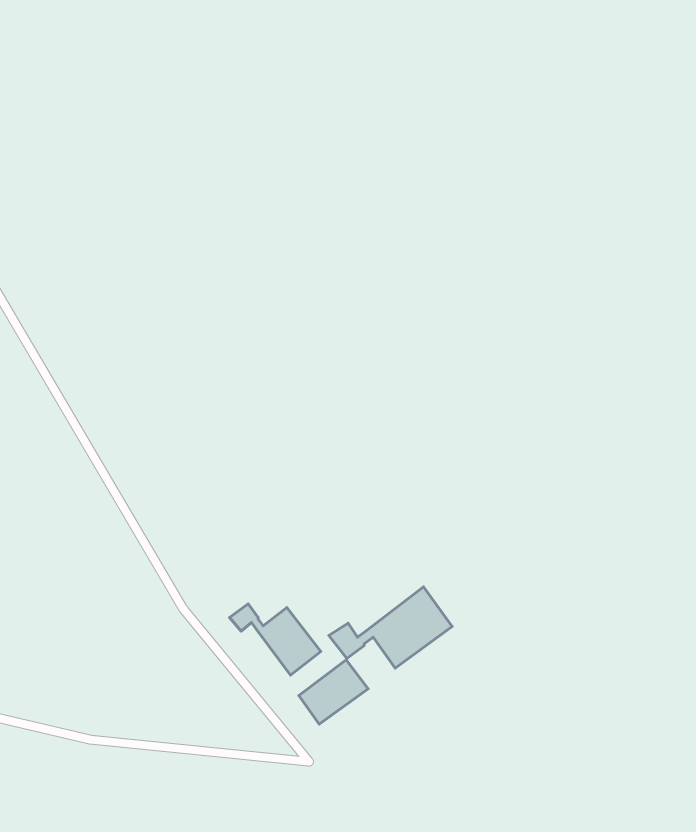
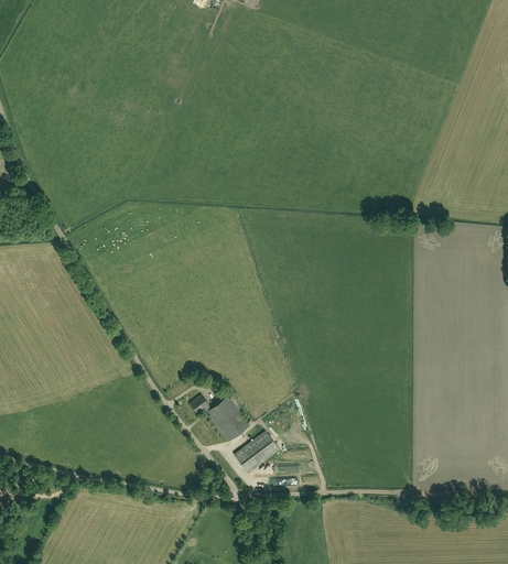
building: [329,587,452,668] -> none

